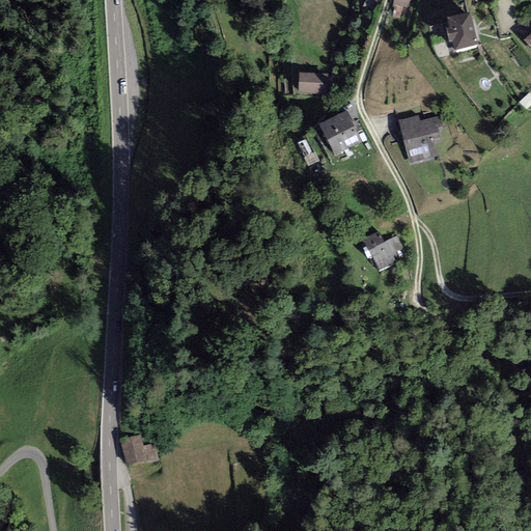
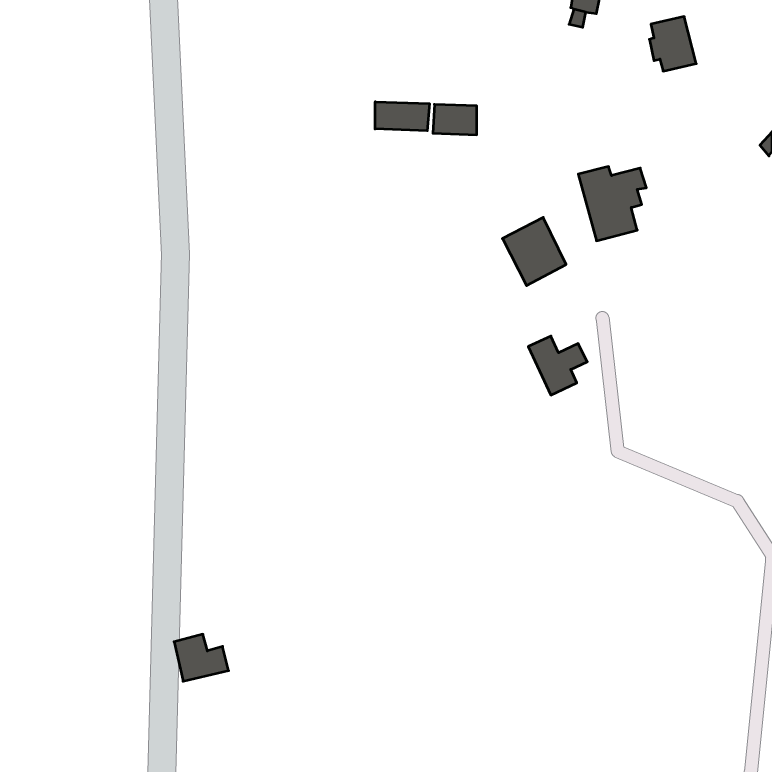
building: none -> [375,102,429,131]
building: [317,109,361,156] -> [502,217,566,286]

